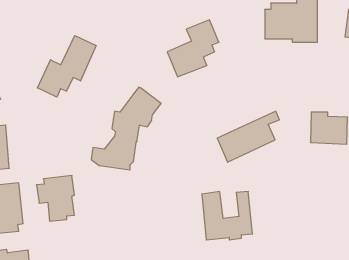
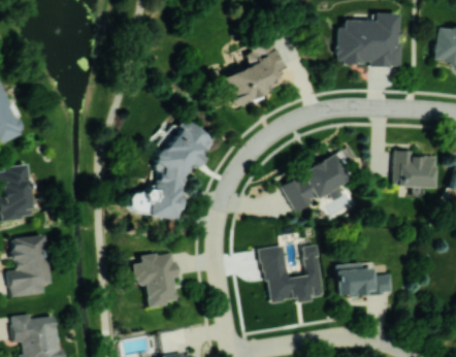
building: [37,36,96,97] -> none
building: [36,175,74,221] -> [132,253,177,307]
building: none -> [335,263,393,297]

